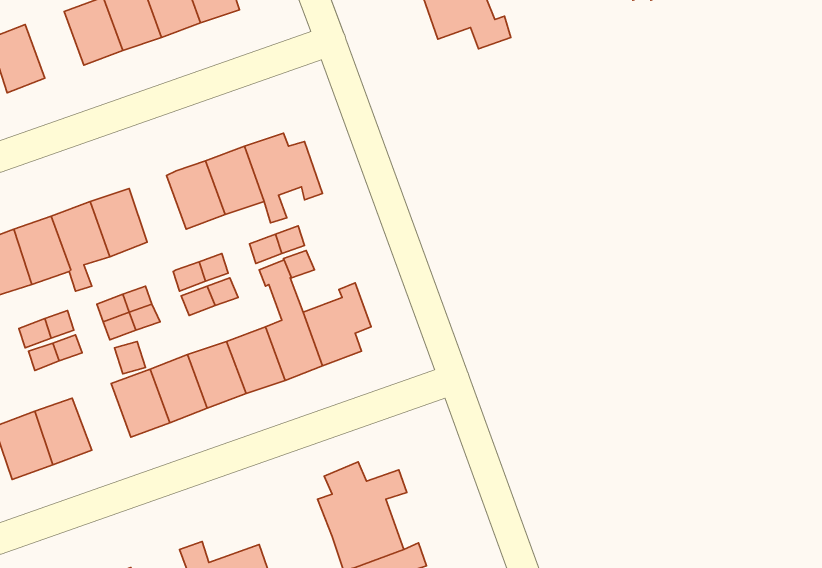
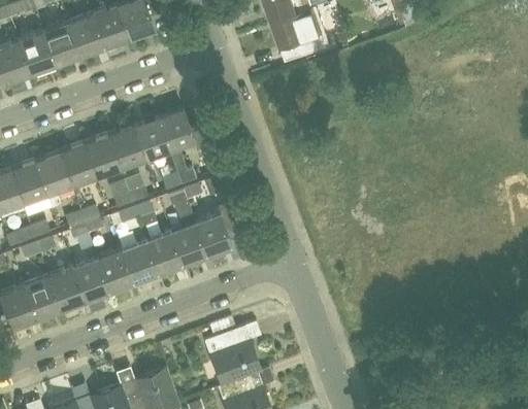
building: none -> [18,31,55,76]
building: none -> [84,135,120,177]
building: none -> [47,267,85,309]

